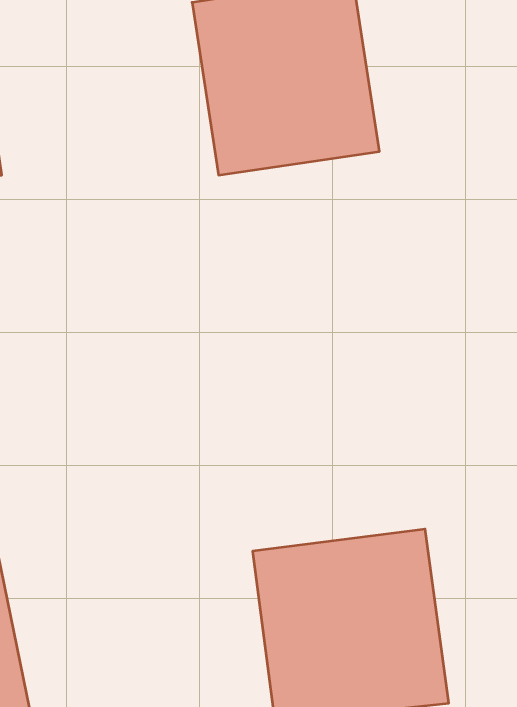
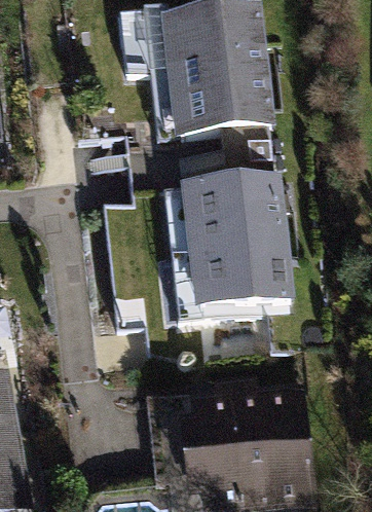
building: none -> [166,179,294,314]

